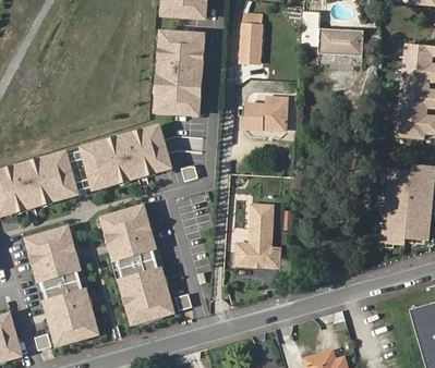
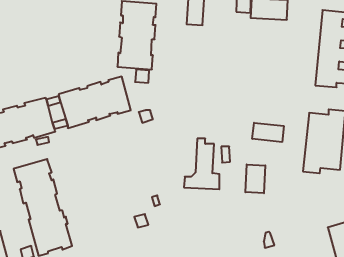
building: [244,94,287,128] -> none
building: none -> [252,123,284,142]
building: [102,205,174,322] -> none
building: none -> [245,164,265,193]

